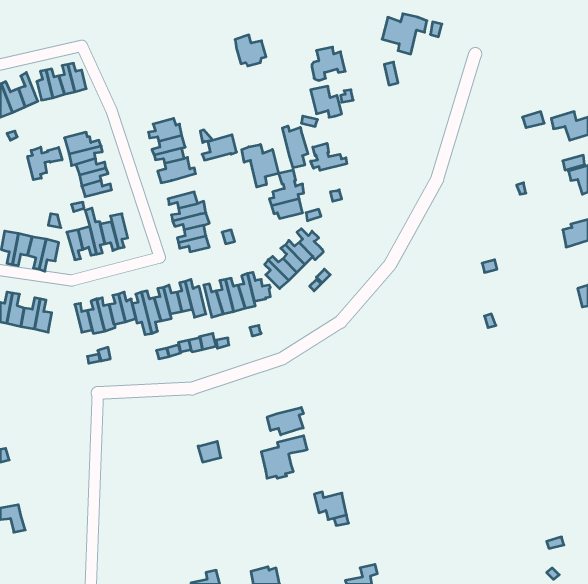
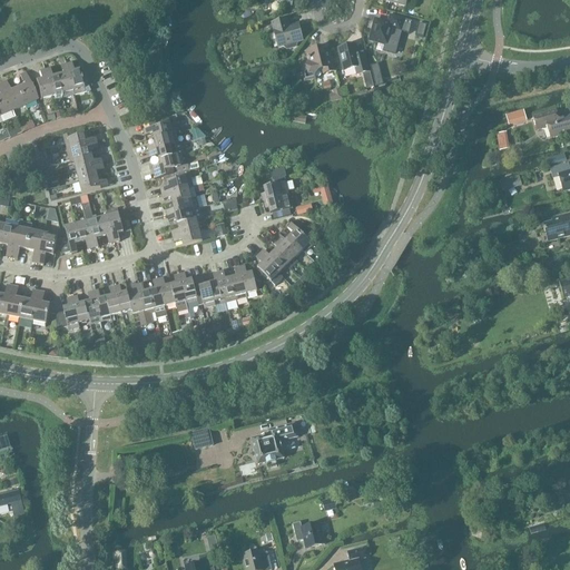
building: [235,35,266,66] -> [273,17,303,47]
building: [311,86,342,117] -> [338,42,368,72]
building: [282,126,308,168] -> none
building: [202,135,237,160] -> [160,168,194,193]
building: [311,143,347,170] -> none
building: [242,144,278,187] -> none
building: [28,147,62,180] -> none
building: none -> [57,295,80,328]
building: [267,407,303,435] -> none
building: [314,492,347,520] -> [293,520,324,547]

